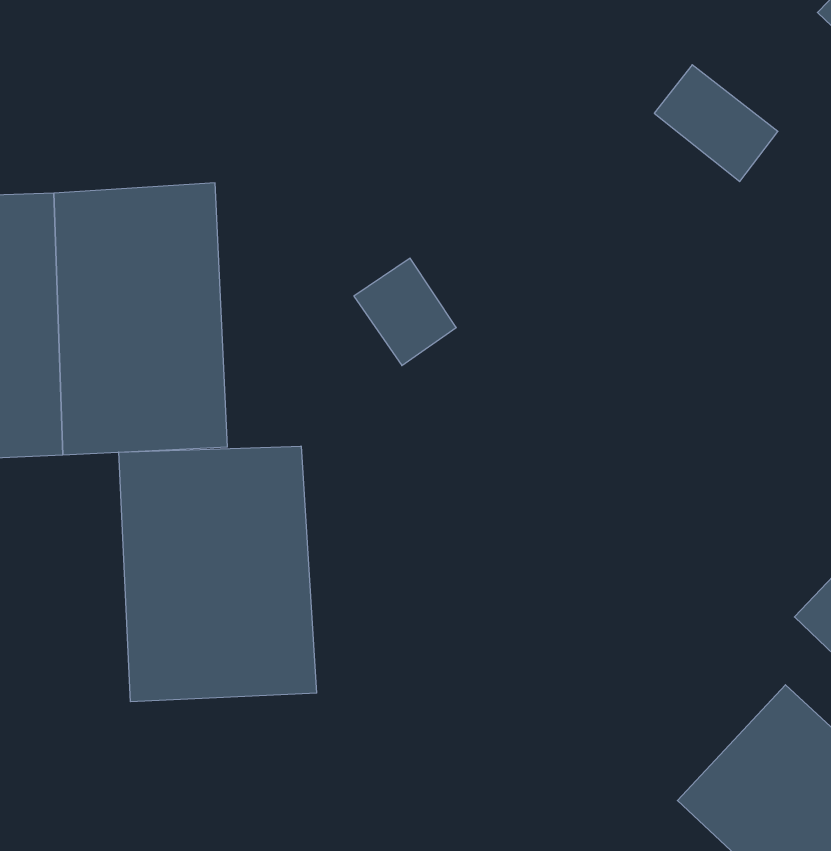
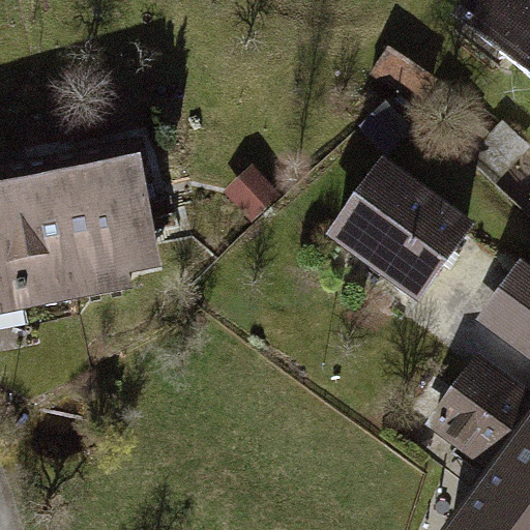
building: none -> [333,167,469,297]
building: [119,446,317,702] -> none

